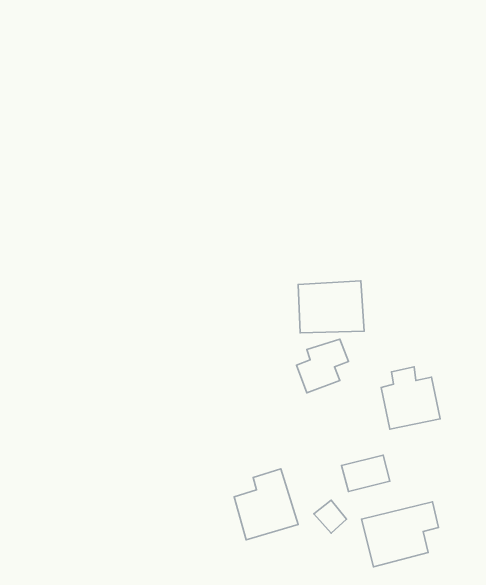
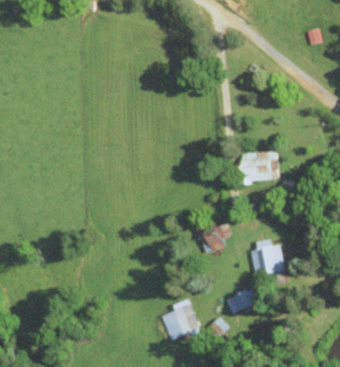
building: [298,281,364,333] -> [240,151,278,181]
building: [361,502,439,567] -> none

